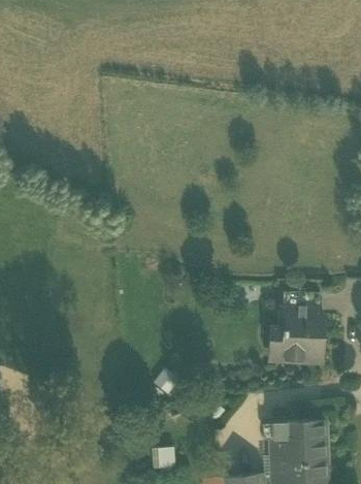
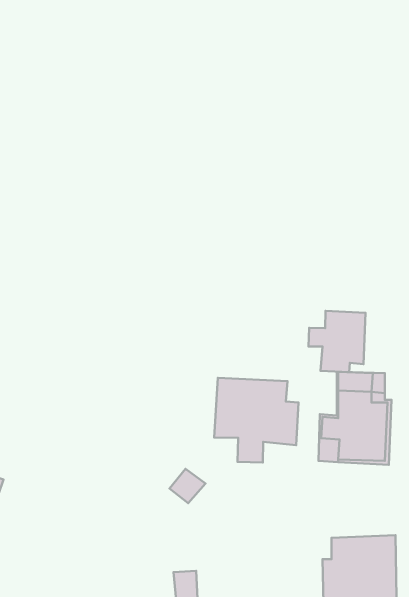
building: none -> [309,311,366,372]
building: none -> [214,378,298,462]

